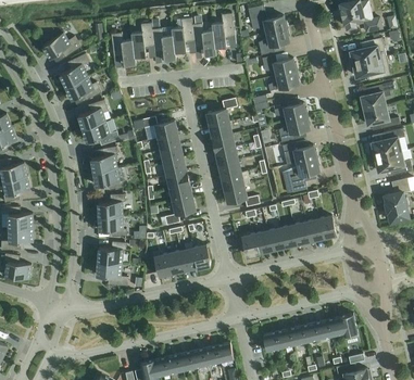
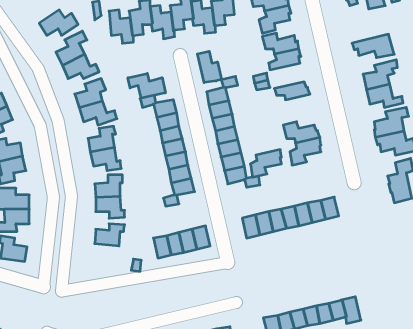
building: [348,37,385,65] -> none
building: none -> [197,51,222,83]
building: none -> [128,73,165,98]
building: [278,115,309,142] -> [250,150,281,177]
building: [96,262,127,286] -> none

